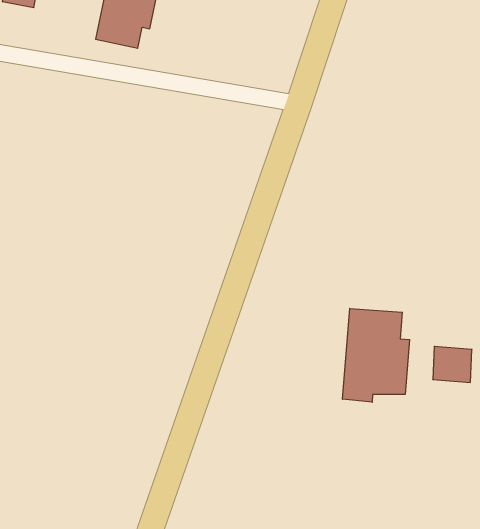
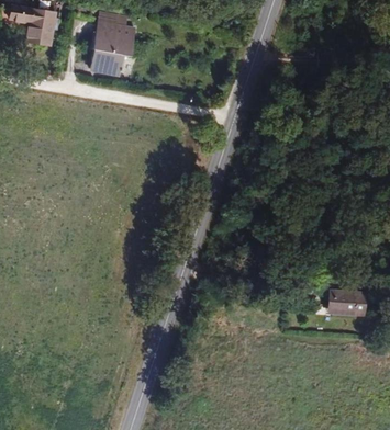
building: [343,308,410,402] -> none

